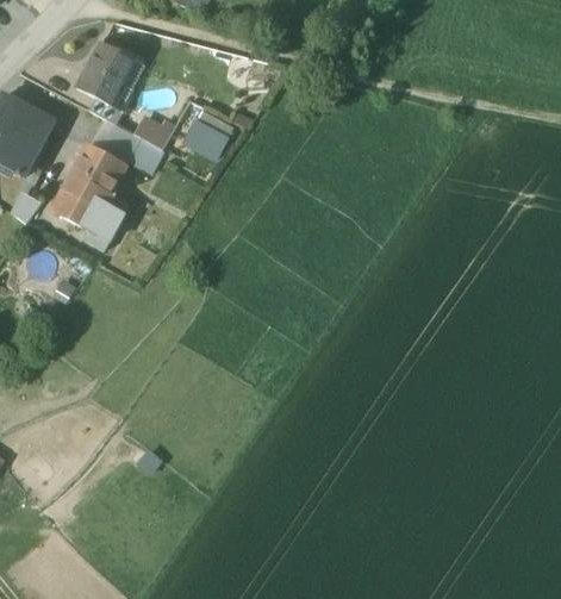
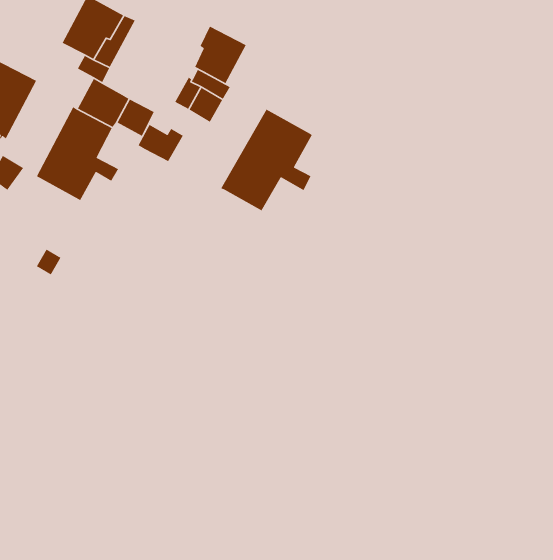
building: none -> [194,25,247,84]
building: [132,113,175,149] -> [138,124,184,162]
building: none -> [220,108,313,212]
building: [86,206,121,249] -> none

